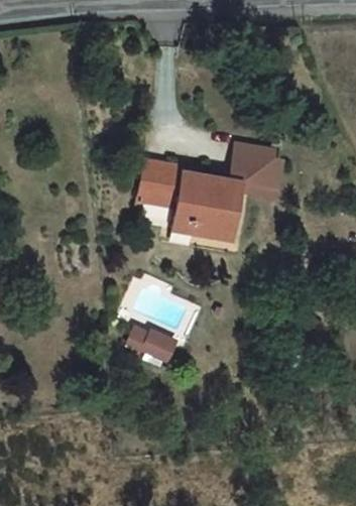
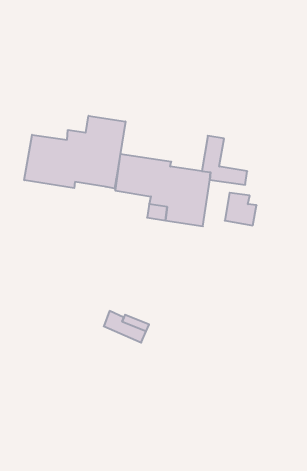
building: none -> [24,116,125,189]
building: [249,146,282,180] -> [225,193,257,225]

